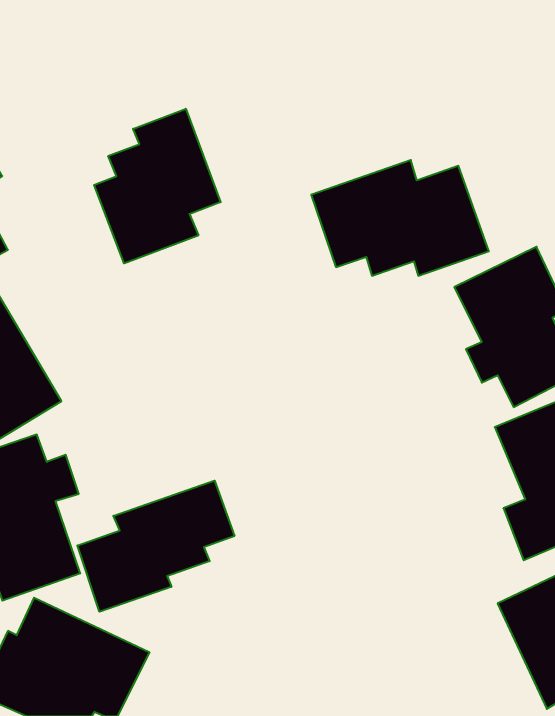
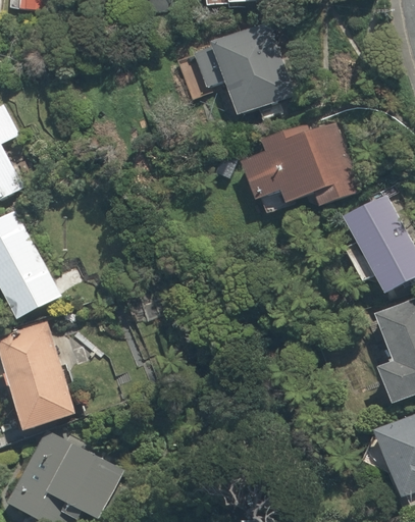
building: none -> [177,21,297,116]
building: [94,109,221,263] -> none
building: [77,481,234,612] -> none

